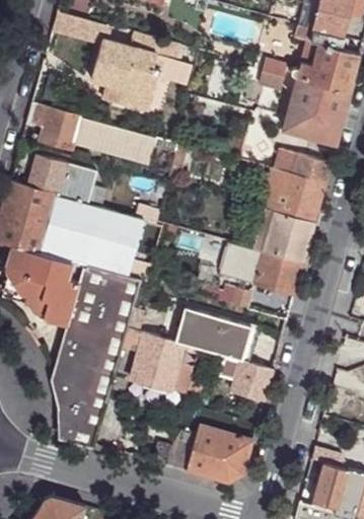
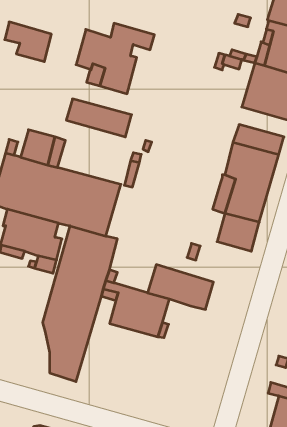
building: [25,103,79,149] -> [5,22,51,62]
building: [217,358,272,398] -> none
building: [163,426,252,484] -> none

